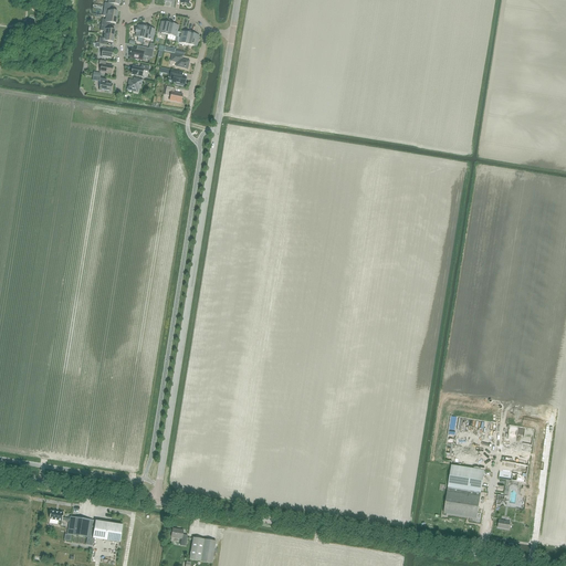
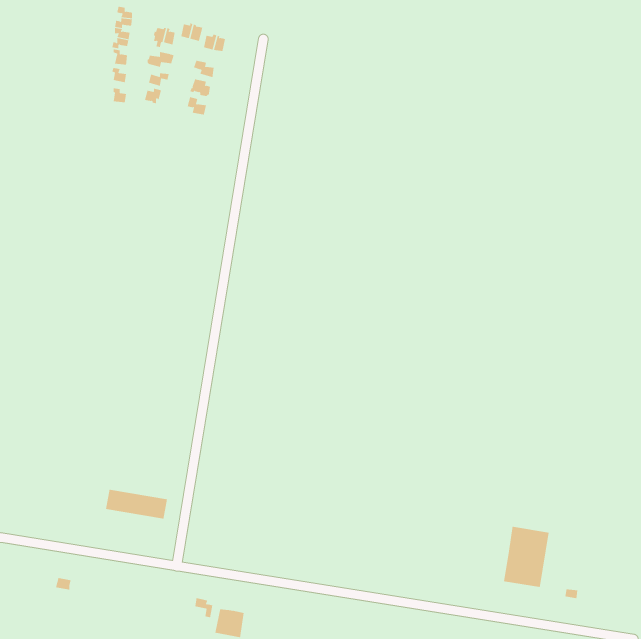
building: [67,515,123,542] -> [105,489,168,519]

